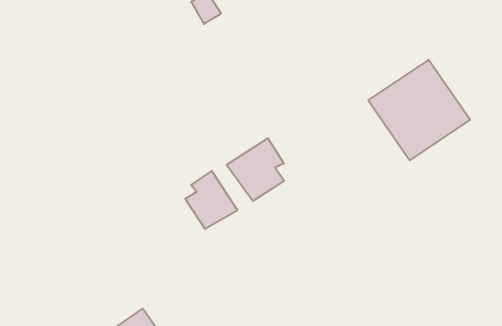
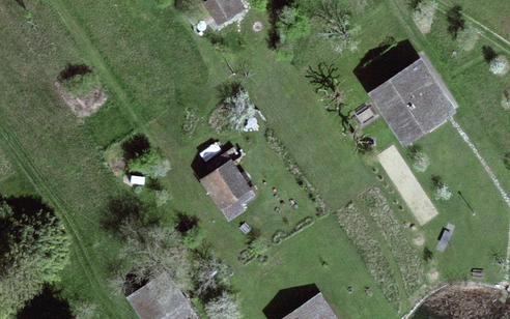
building: [227,138,284,201] -> none

